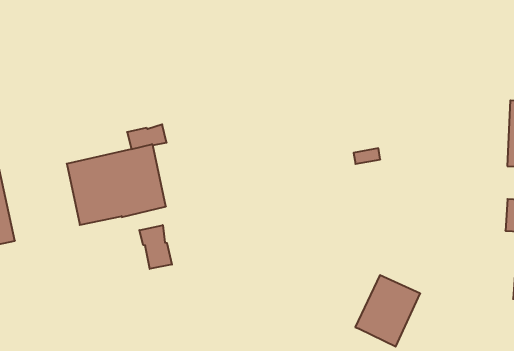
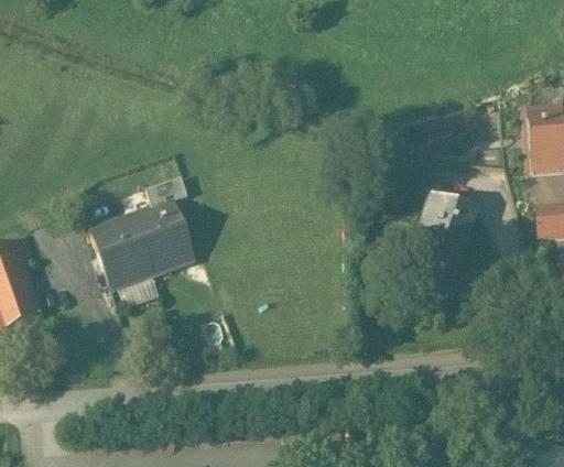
building: [139,225,172,269] -> none
building: [355,275,420,347] -> [415,195,476,264]

